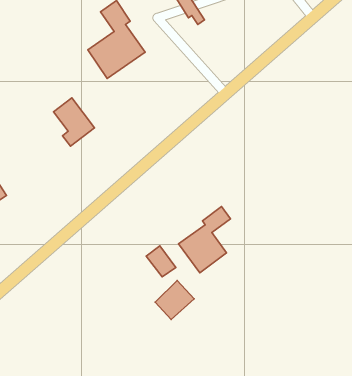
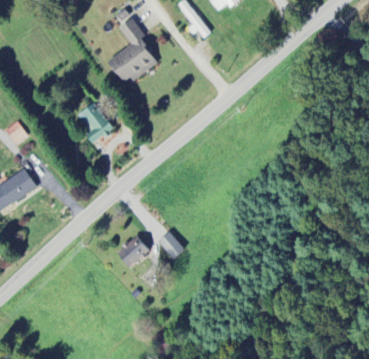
building: [179,206,230,273] -> none
building: [155,281,194,320] -> [117,234,151,268]

